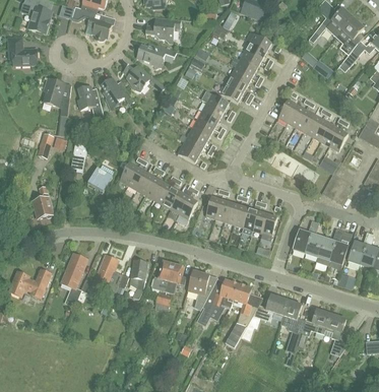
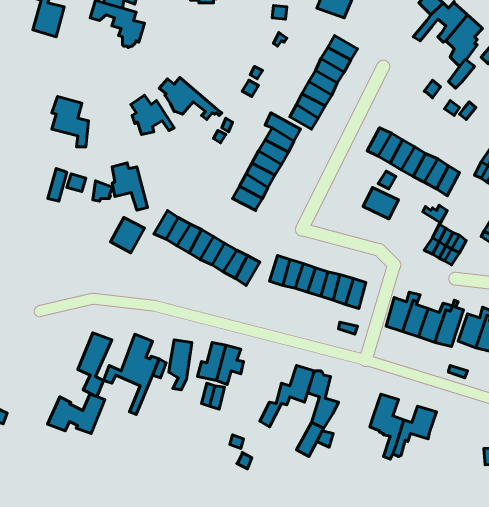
building: [146,15,182,42] -> none
building: [9,38,38,64] -> none
building: [136,40,177,67] -> none
building: [78,84,105,120] -> [112,163,148,210]
building: [33,185,54,217] -> none
building: [8,268,51,298] -> [48,394,105,434]
building: [187,270,217,306] -> none
building: [248,293,289,325] -> none
building: [325,313,352,360] -> none

